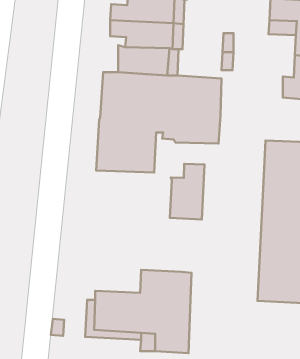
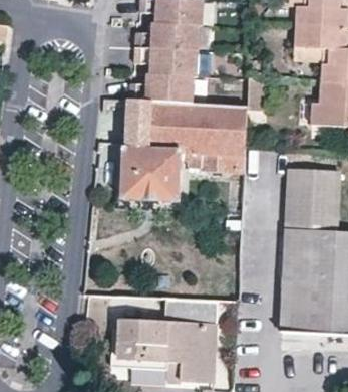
building: [170,164,205,220] -> none

